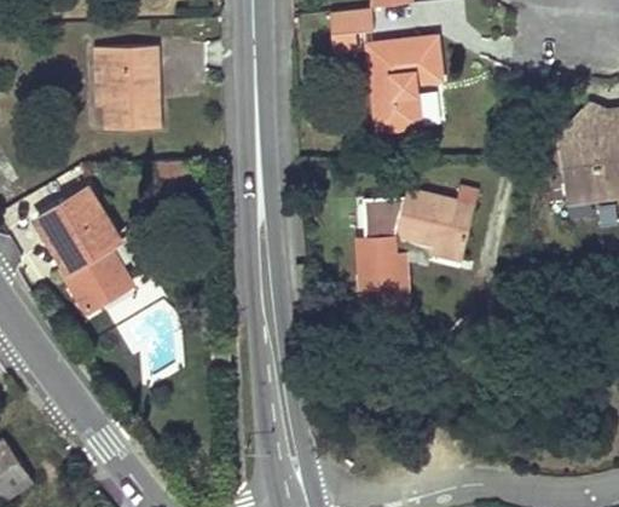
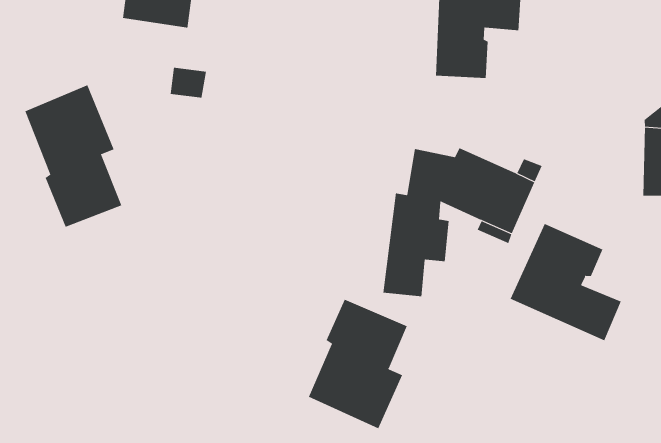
building: none -> [510,223,621,341]
building: none -> [308,299,407,429]

